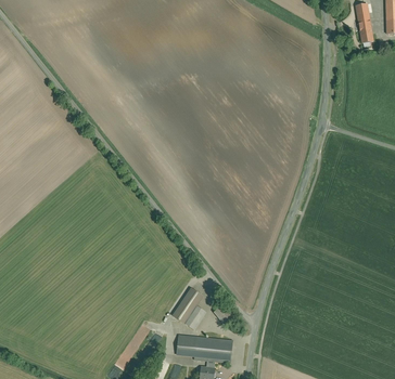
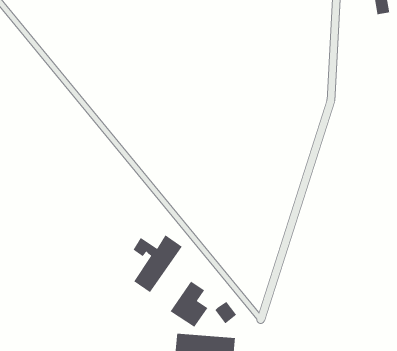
building: none -> [133,234,183,293]

